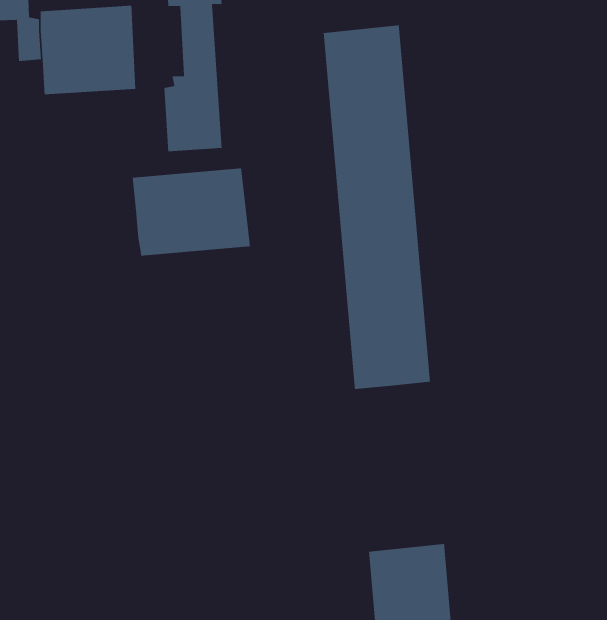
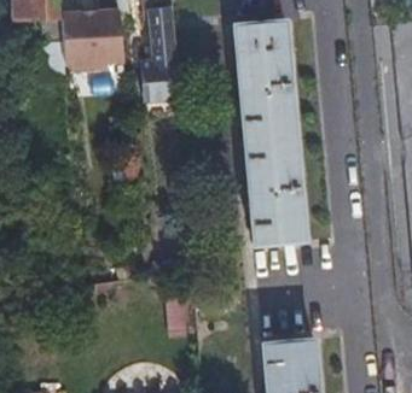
building: [132,167,251,257] -> none

